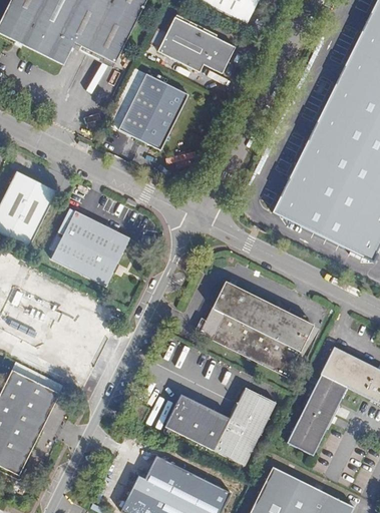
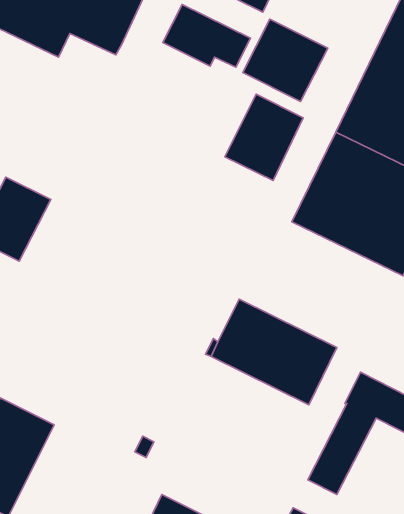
building: none -> [243,19,328,102]
building: [118,73,188,150] -> [225,94,303,181]
building: [51,210,129,287] -> none
building: [165,387,276,465] -> none

